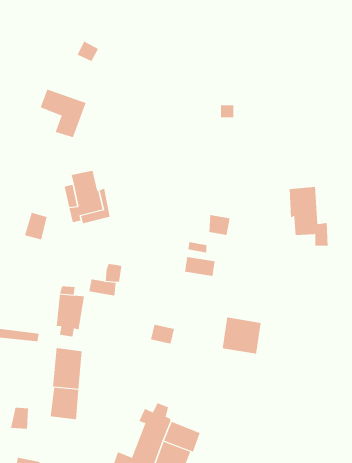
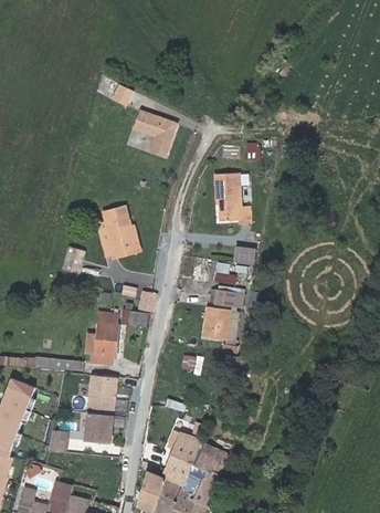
building: [40,89,86,138] -> [133,109,177,156]
building: [289,186,329,246] -> [214,175,252,231]
building: [222,317,261,354] -> [200,304,238,339]

